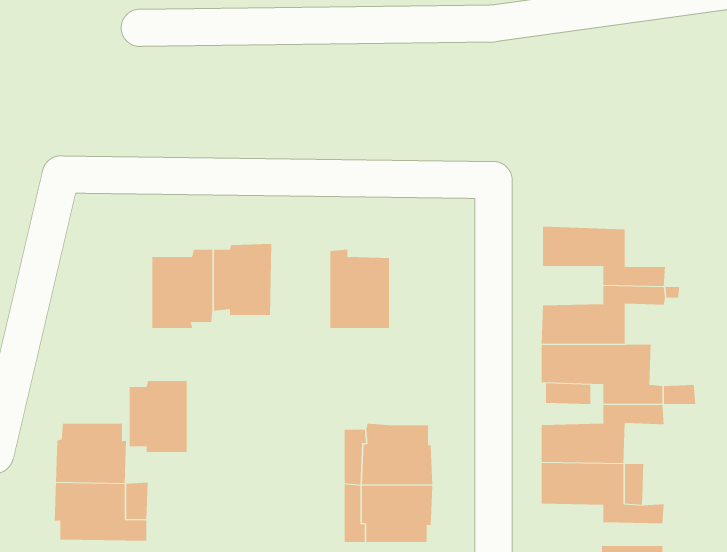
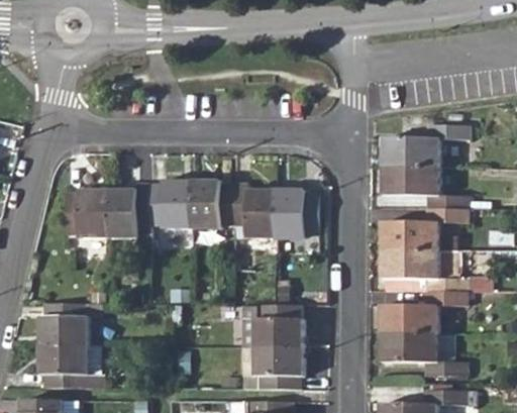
building: none -> [382,124,469,169]
building: none -> [191,179,232,229]
building: none -> [275,189,304,238]
building: [129,381,188,453] -> [66,188,107,238]

